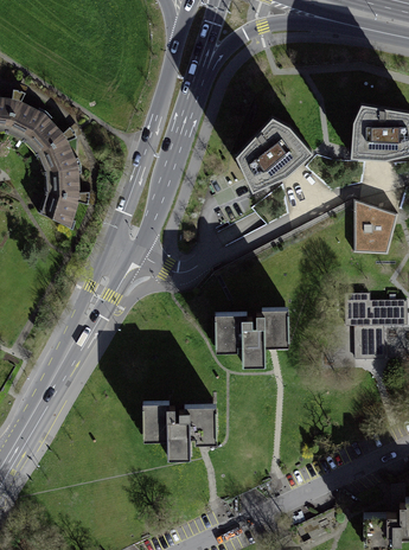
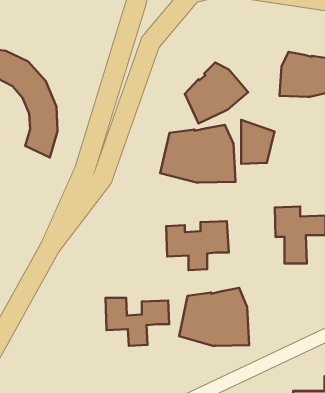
building: none -> [160,125,235,182]
building: [354,200,395,254] -> [241,120,275,164]
building: none -> [179,288,249,346]

